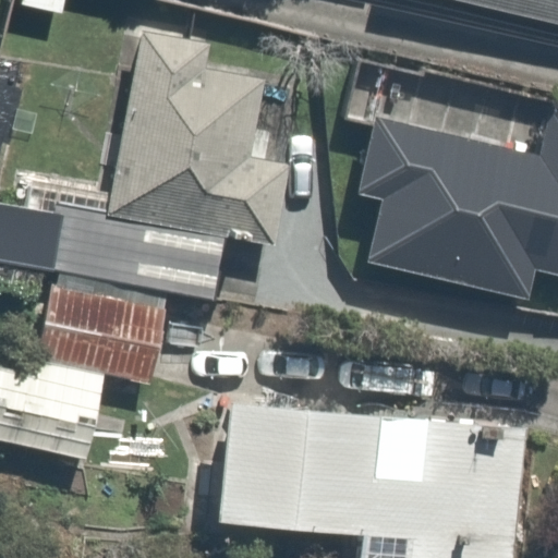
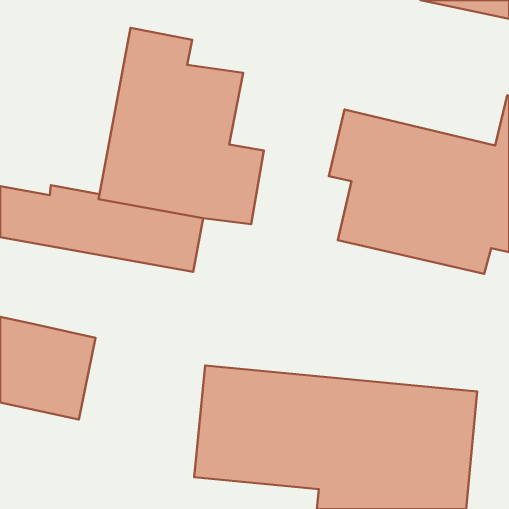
building: [36,284,168,379] -> none

